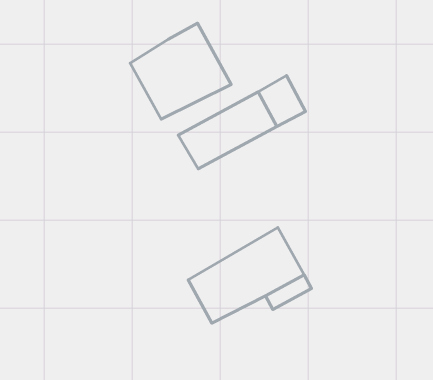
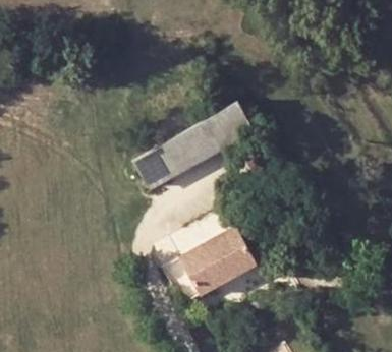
building: [130,23,231,119] -> none
building: none -> [133,148,173,188]

